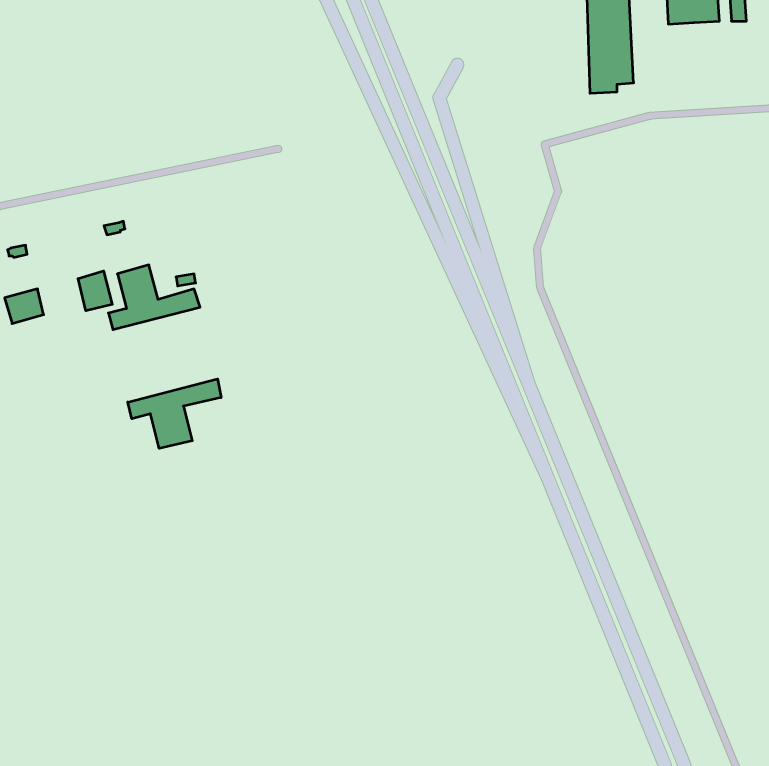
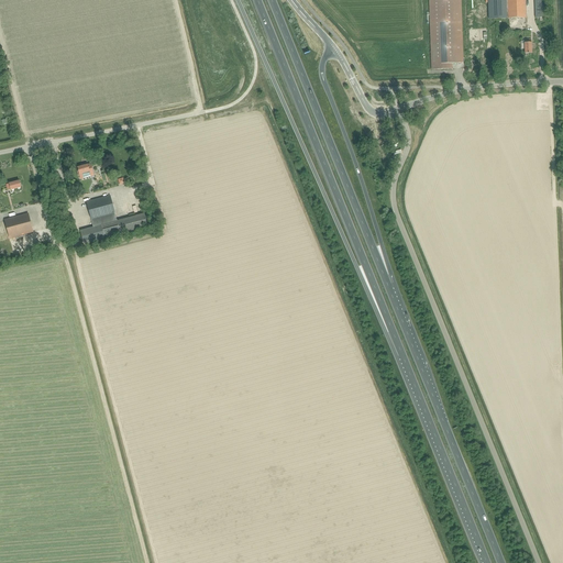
building: [78,271,112,311] -> none
building: [128,379,221,448] -> none

